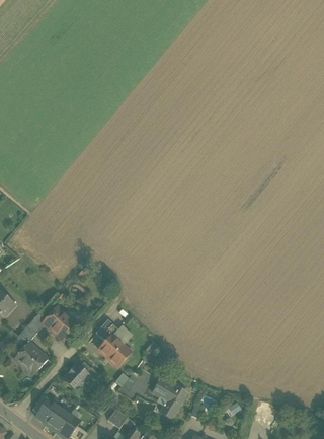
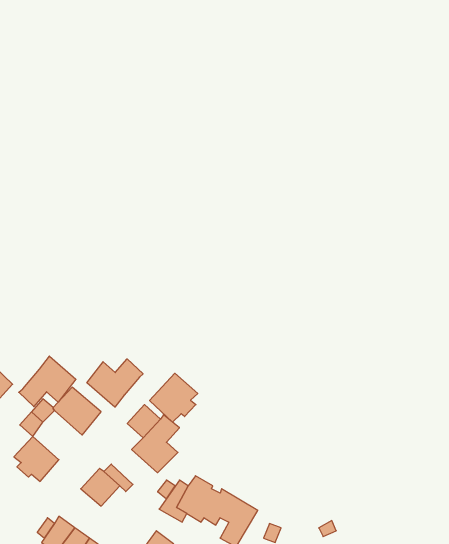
building: none -> [19,356,76,407]
building: none -> [87,359,143,407]
building: none -> [150,373,198,422]

